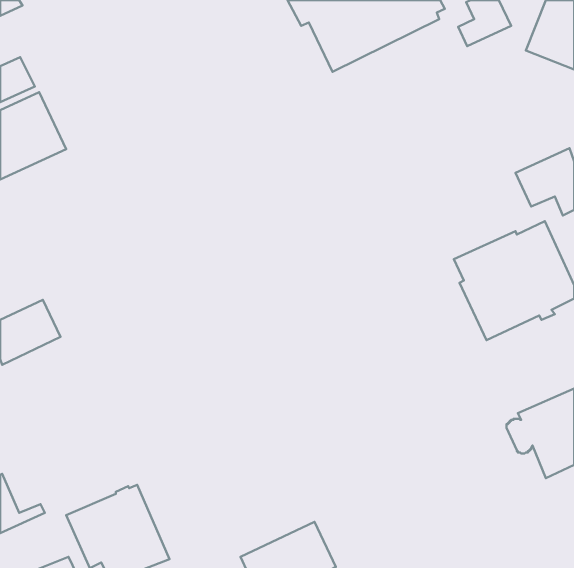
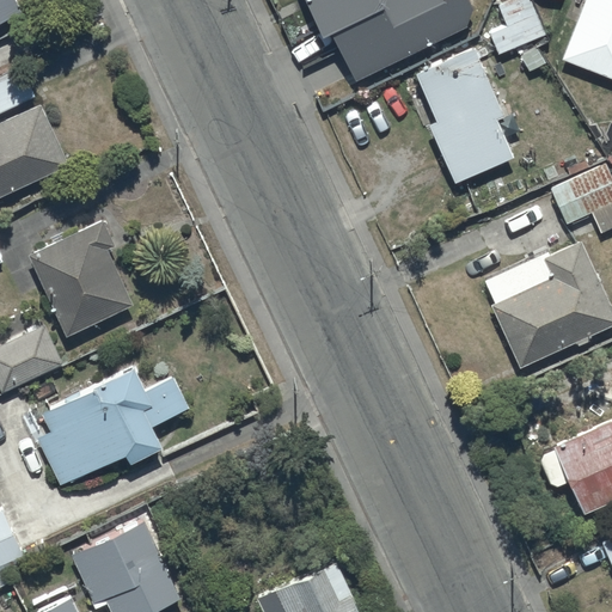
building: none -> [412,48,512,183]
building: none -> [29,220,135,336]
building: none -> [37,367,191,486]

